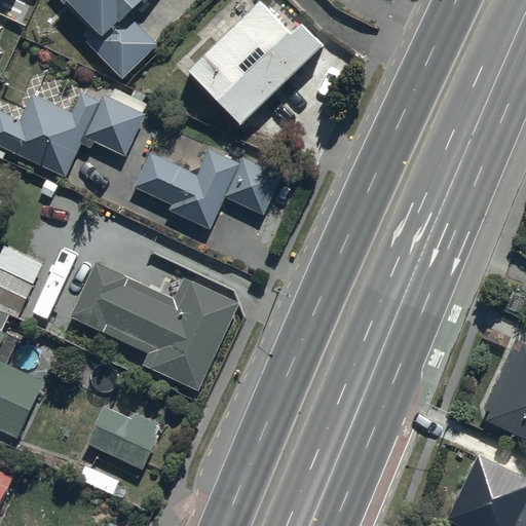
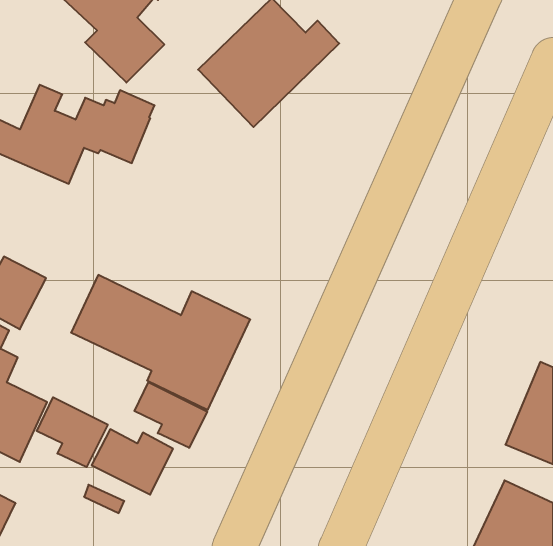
building: [135,150,281,230] -> none
building: none -> [134,382,207,448]
building: none -> [37,397,108,467]

